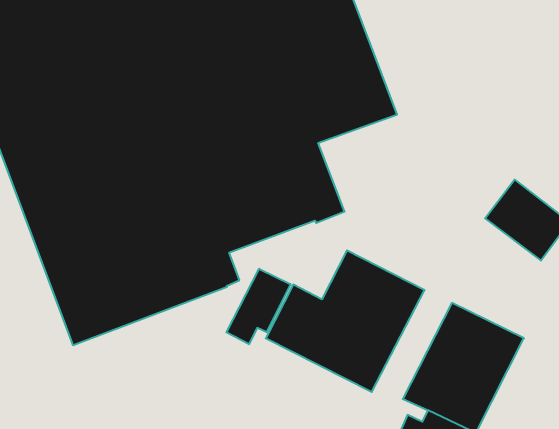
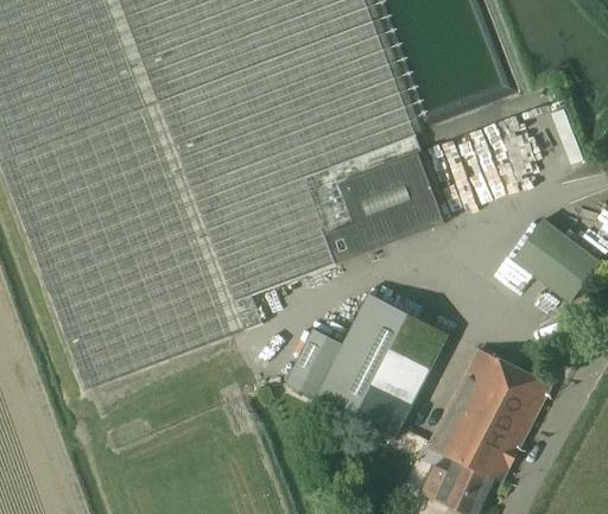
building: none -> [338,150,444,250]
building: [226,269,291,344] -> none

